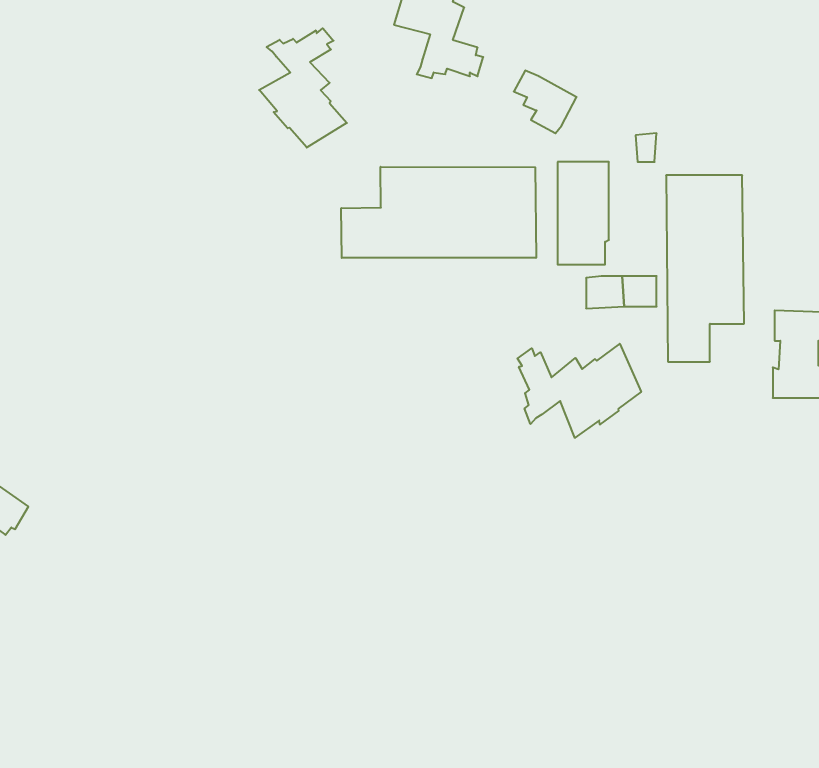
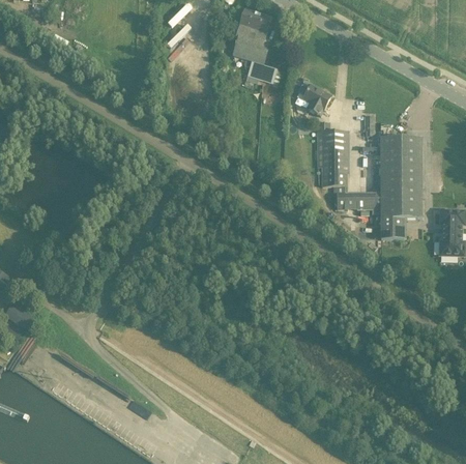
building: [259,28,347,148] -> none
building: [341,167,536,258] -> none
building: [517,344,641,438] -> none

